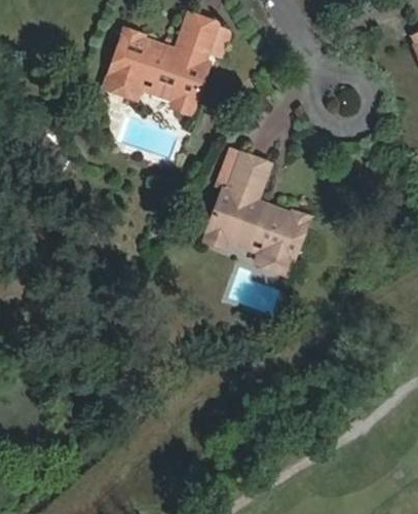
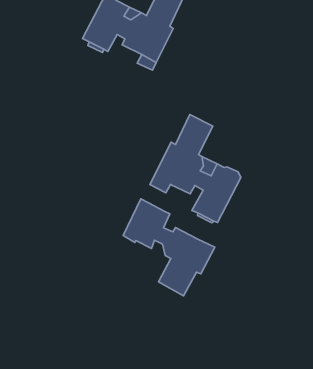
building: none -> [123,199,215,296]

